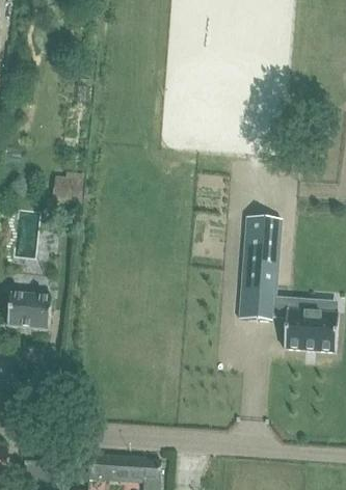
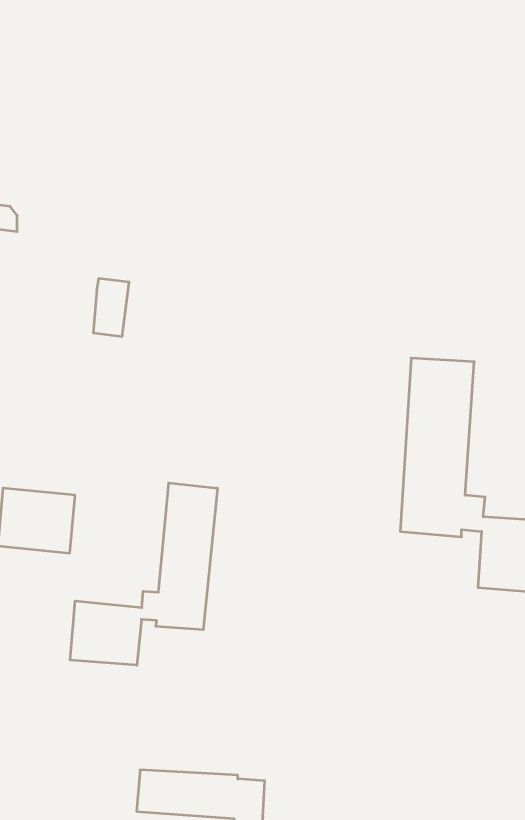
building: [14,211,33,253] -> none
building: none -> [70,483,217,665]

